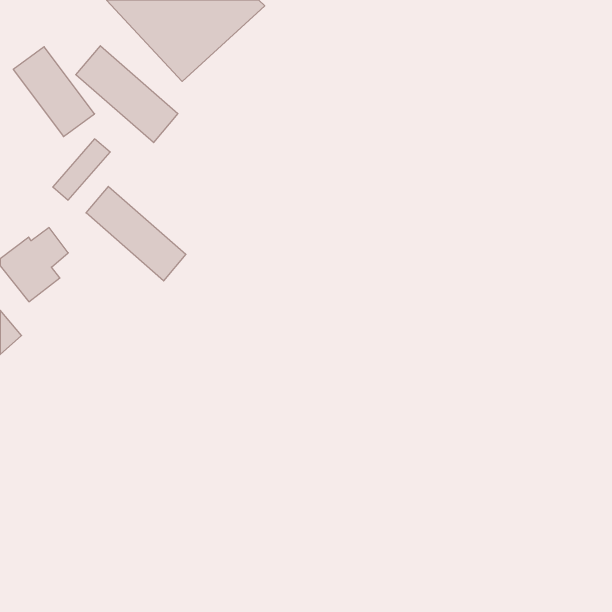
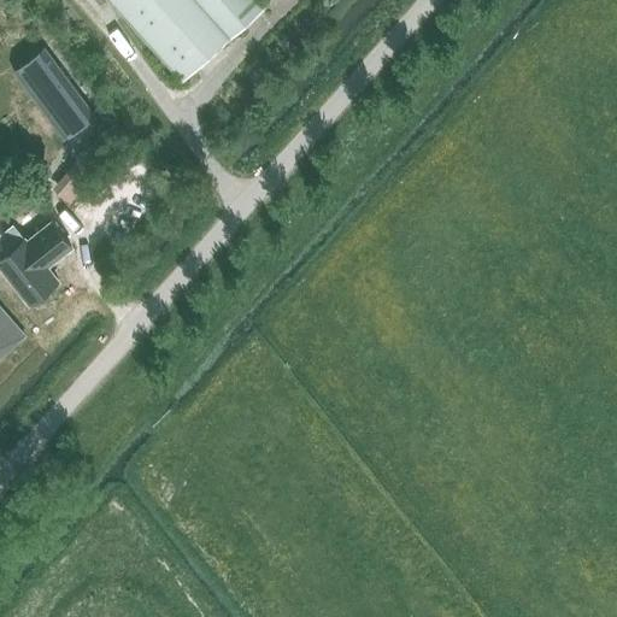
building: [76,46,178,143] -> none
building: [86,186,186,281] -> none

